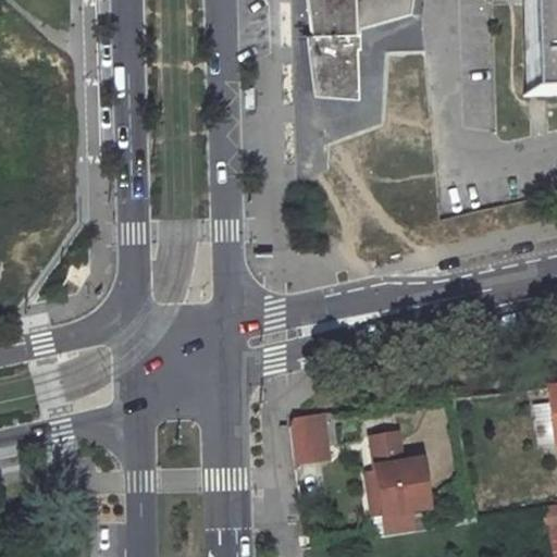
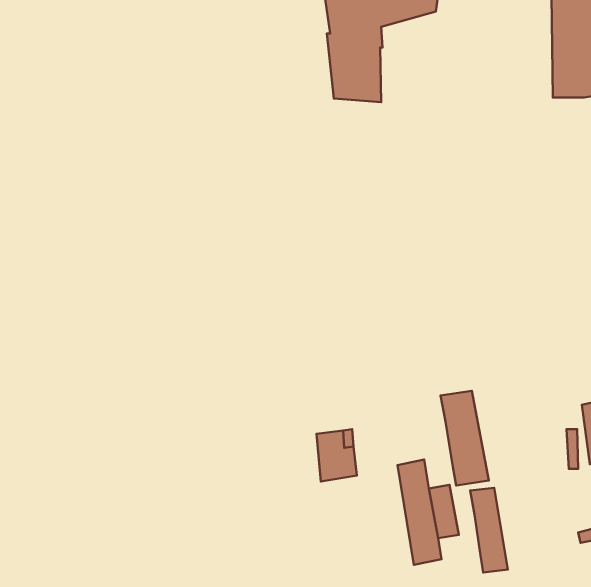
building: none -> [440,391,489,485]
building: none -> [470,488,508,573]

